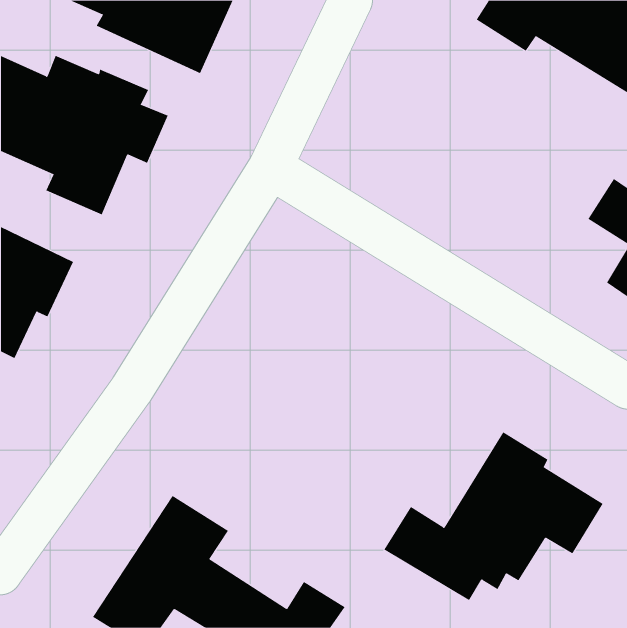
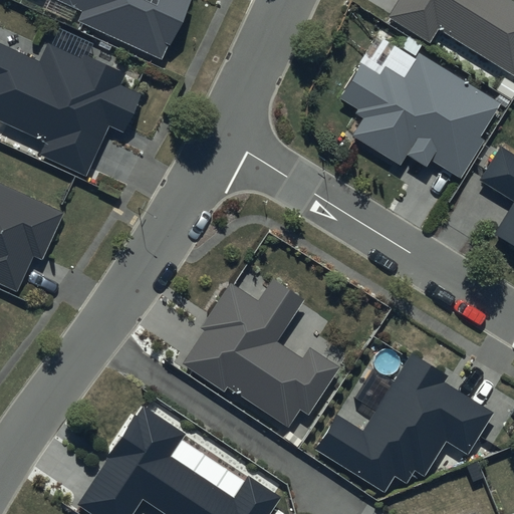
building: none -> [342,54,501,178]
building: none -> [182,281,334,427]

